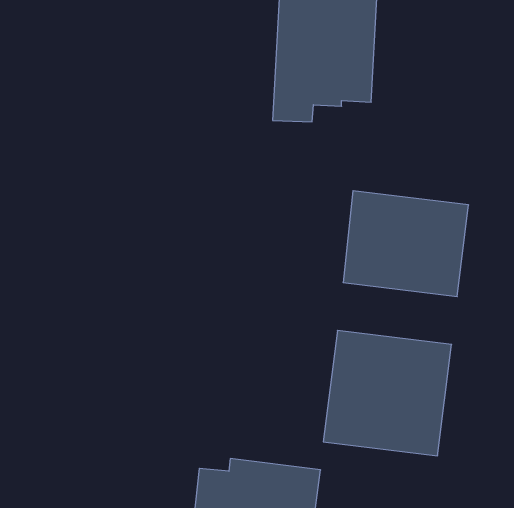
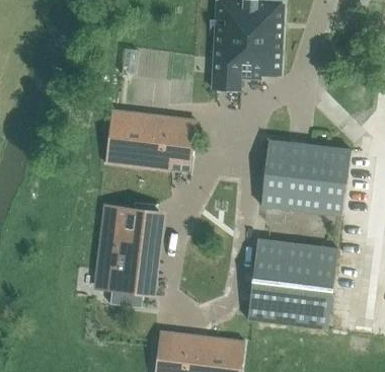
building: none -> [105,109,196,171]
building: none -> [96,203,158,295]

